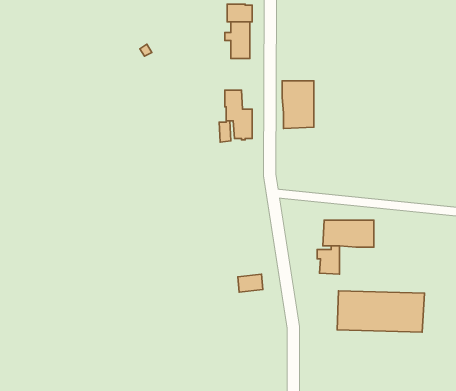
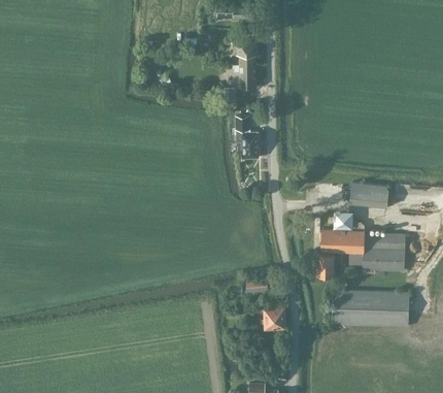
building: [282,81,314,128] -> none
building: none -> [349,181,388,207]
building: none -> [348,232,405,271]
building: none -> [260,307,285,328]

